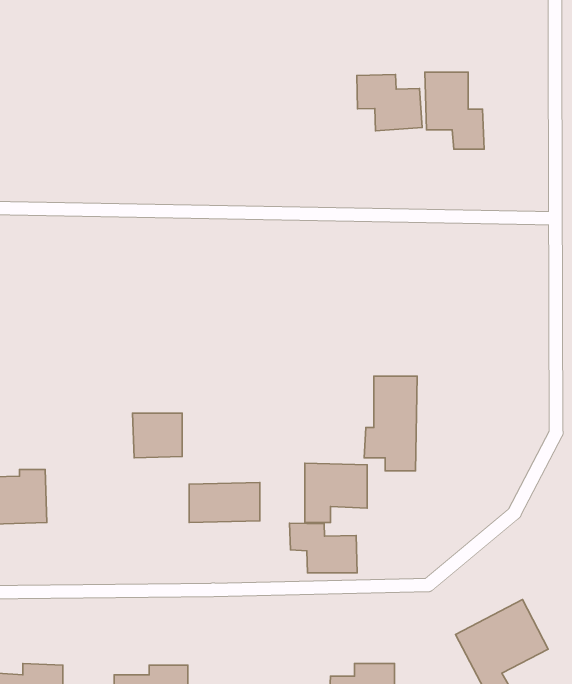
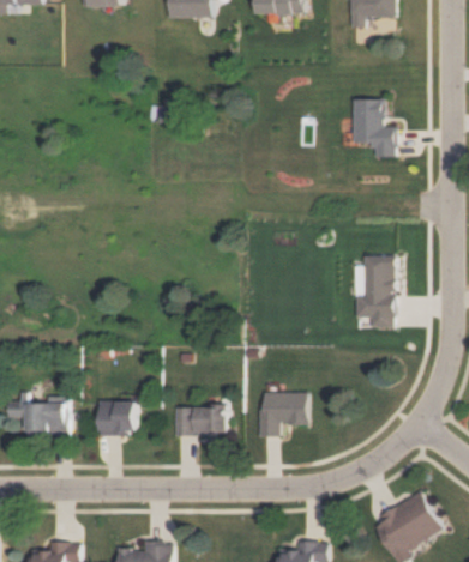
building: [357,74,422,131] -> none
building: [364,376,417,471] -> [355,255,395,326]
building: [132,413,182,458] -> [98,400,136,434]
building: [290,523,357,573] -> none

